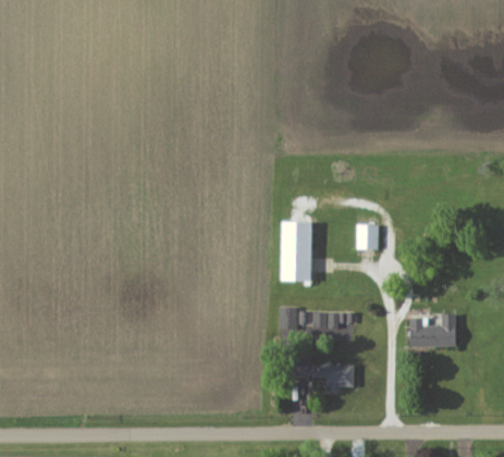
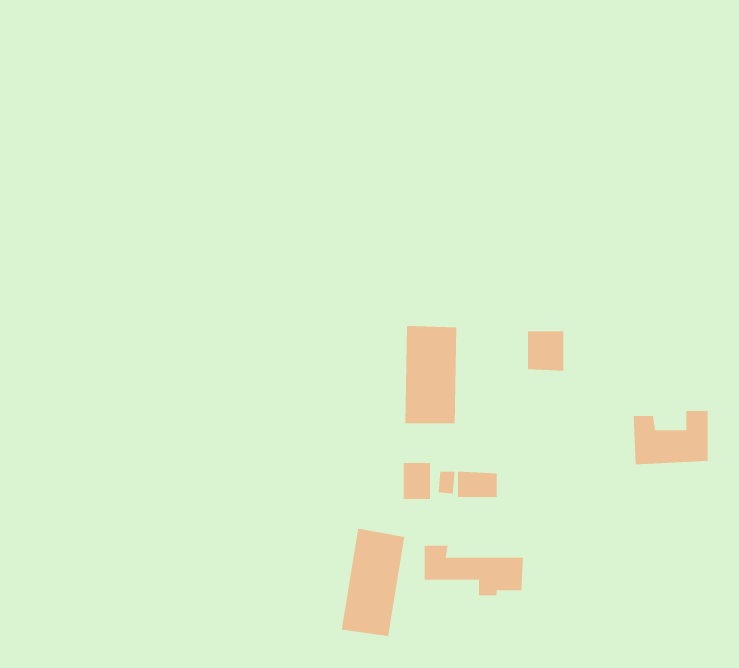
building: [408,314,455,348] -> [633,410,708,465]
building: none -> [341,528,405,637]

